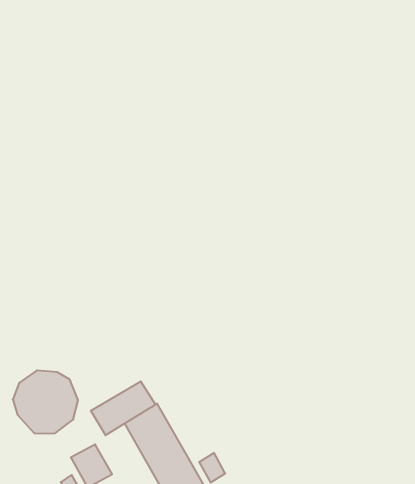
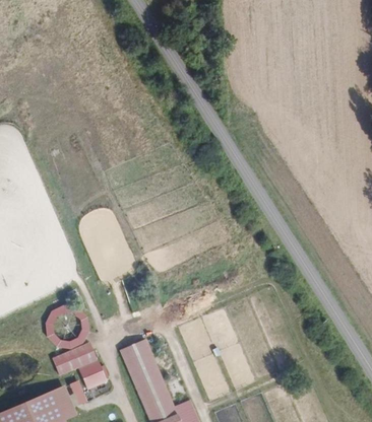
building: [91,381,155,435] -> [52,342,98,376]

